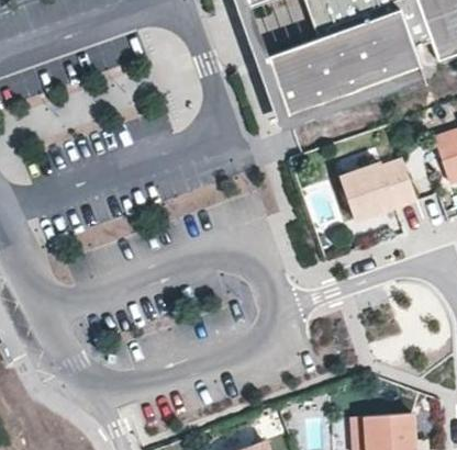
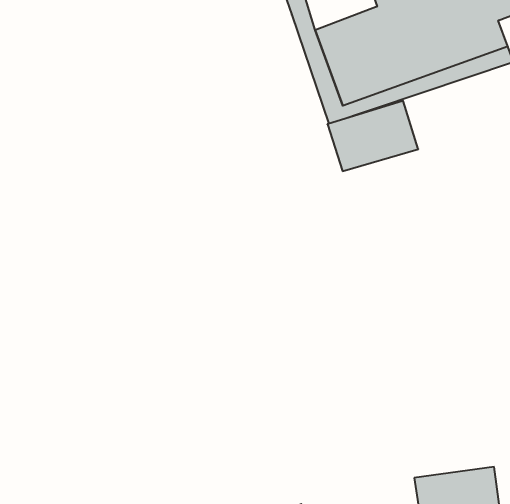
building: [344,156,416,212] -> [327,101,418,171]

